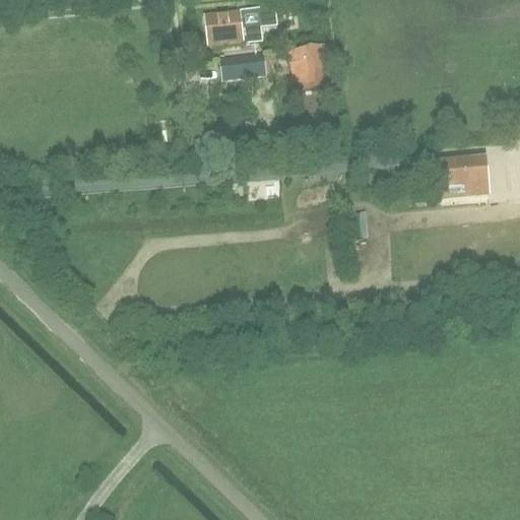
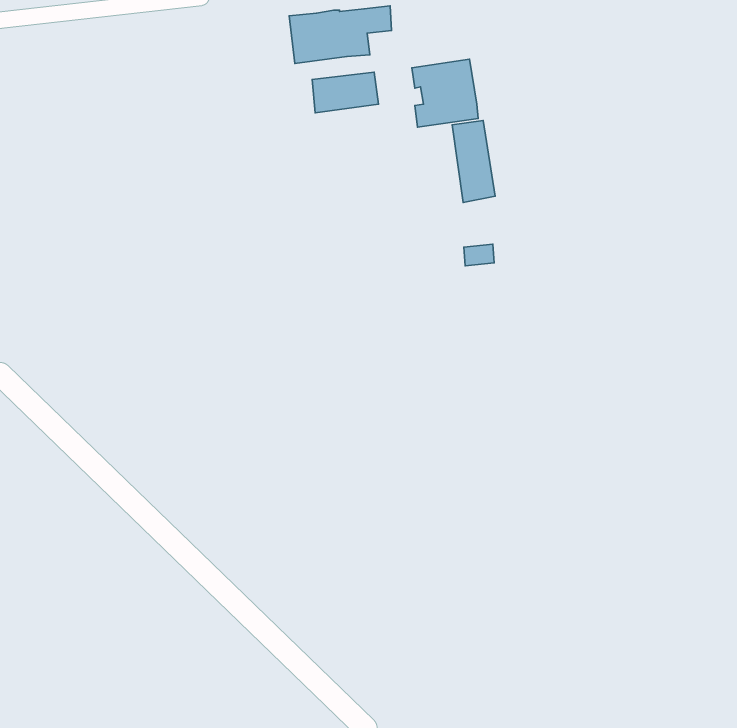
building: none -> [452,120,495,203]
building: [441,157,488,193] -> none

